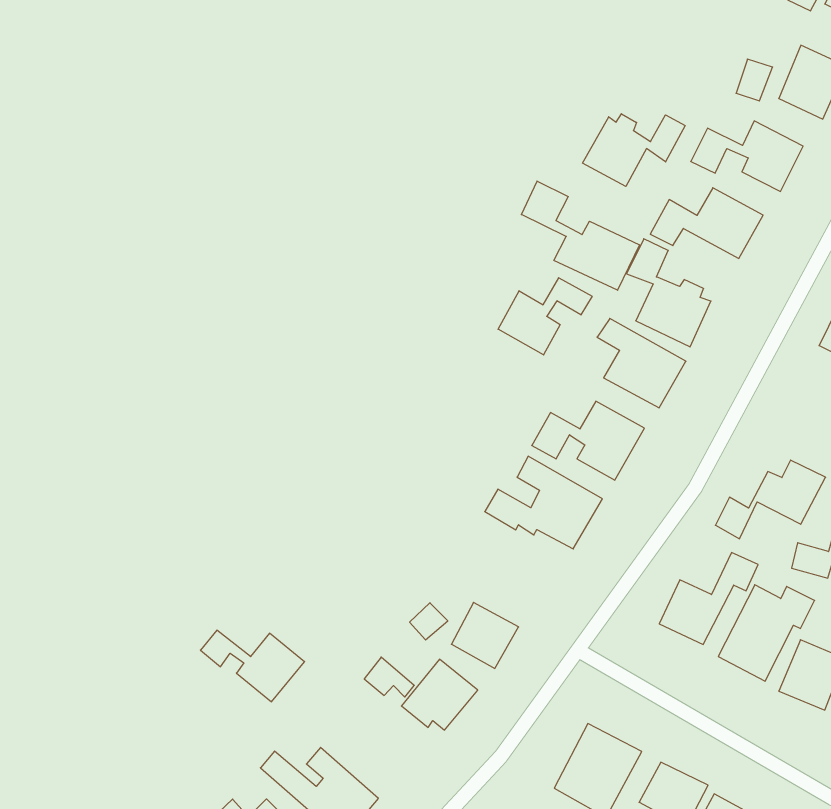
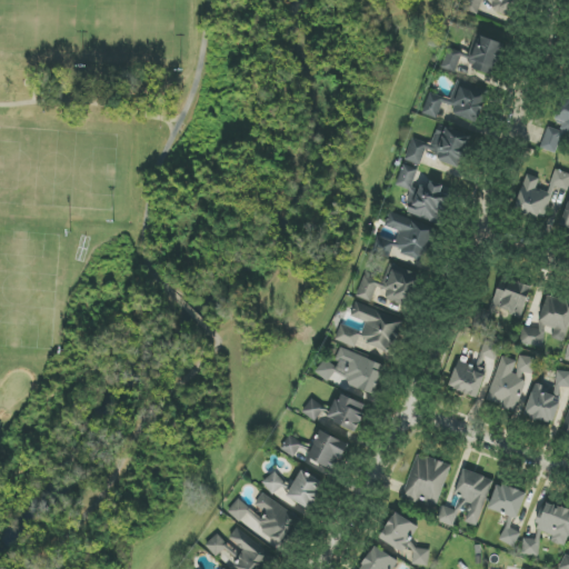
building: [583,114,685,186] -> none
building: [521,181,639,290] -> none
building: [498,278,592,355] -> none
building: none -> [316,347,385,392]
building: [200,630,305,702] -> [262,469,325,509]

